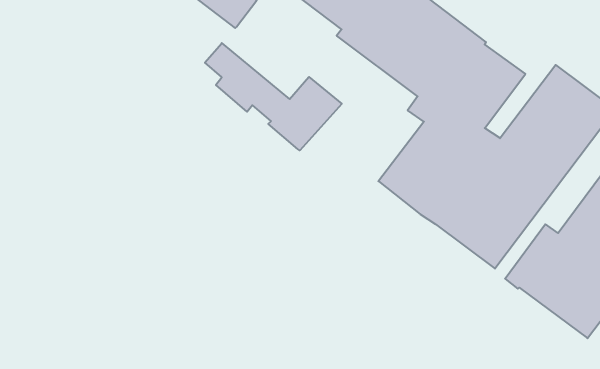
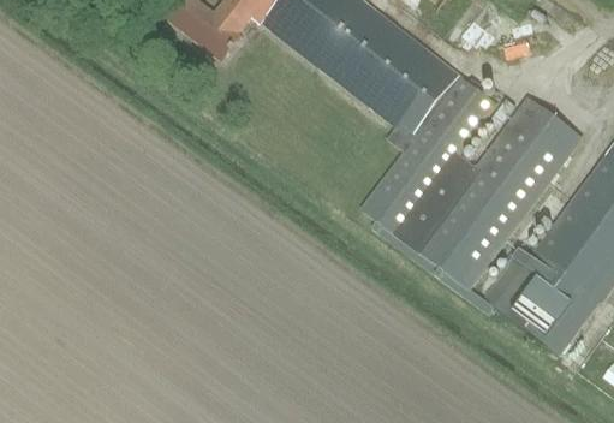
building: [205,43,342,150] -> none

